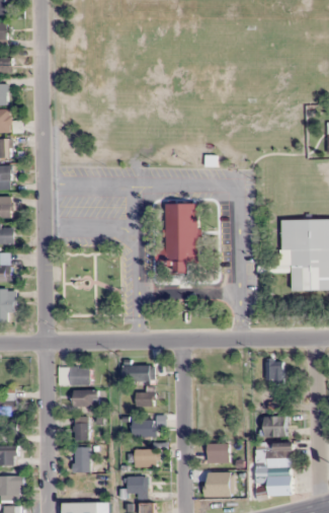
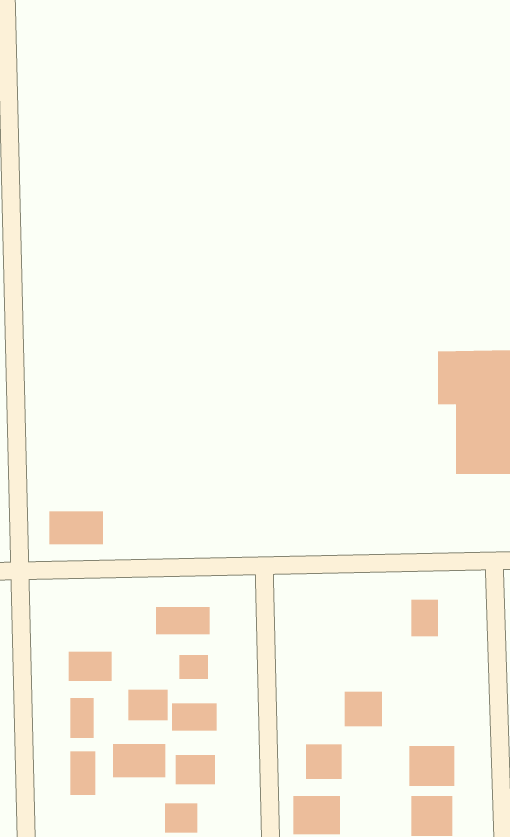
building: [167,204,198,266] -> none
building: [59,366,90,385] -> [48,511,104,545]
building: none -> [128,689,168,721]
building: [264,416,286,436] -> [344,691,383,727]
building: none -> [113,743,166,778]

